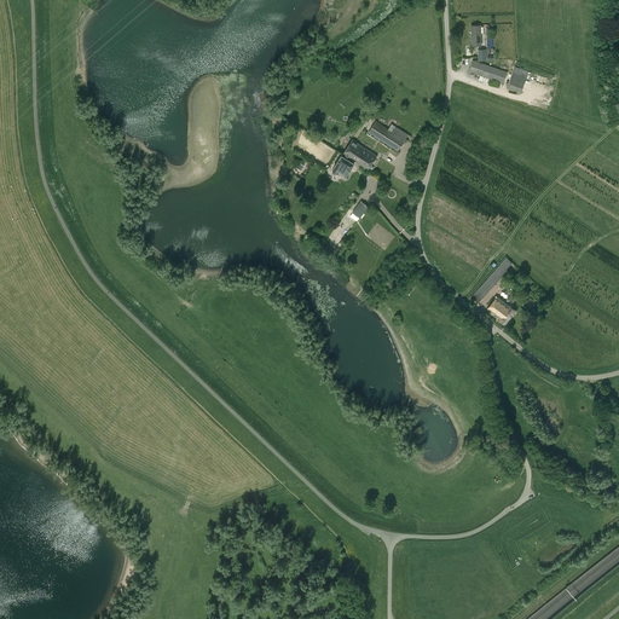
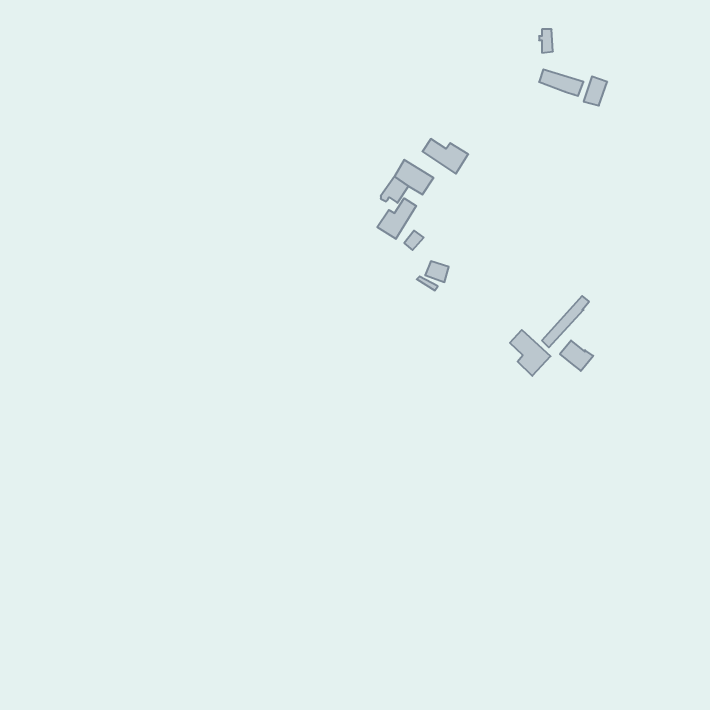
building: none -> [377,198,416,239]
building: none -> [510,330,551,376]

